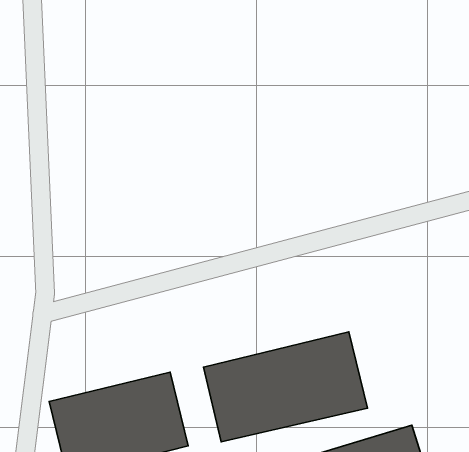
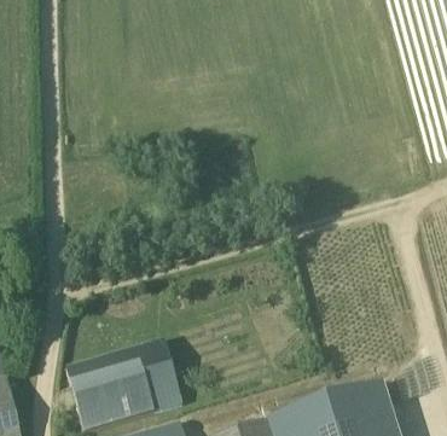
building: [203,332,367,442] -> none

